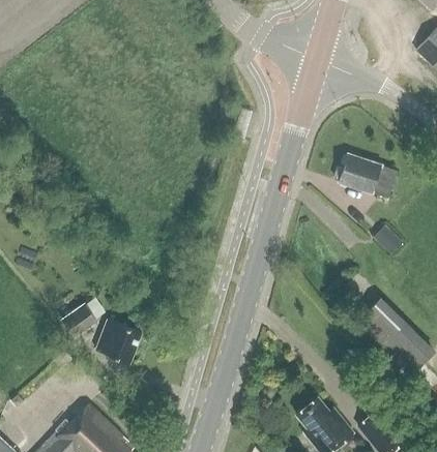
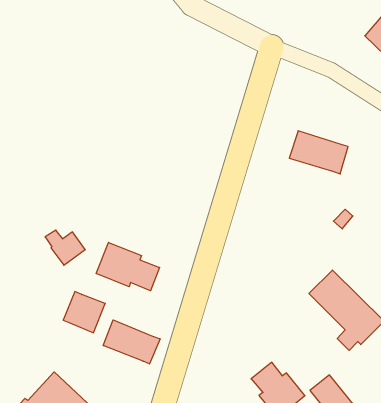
building: none -> [96,242,160,291]
building: [56,301,98,338] -> [45,230,85,265]
building: none -> [103,320,160,364]

